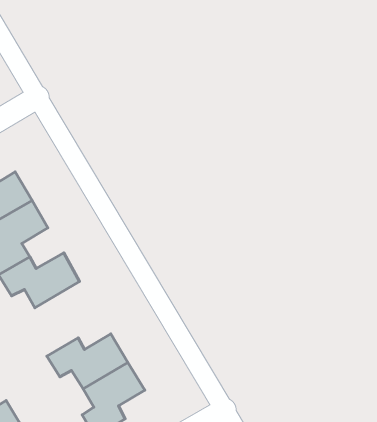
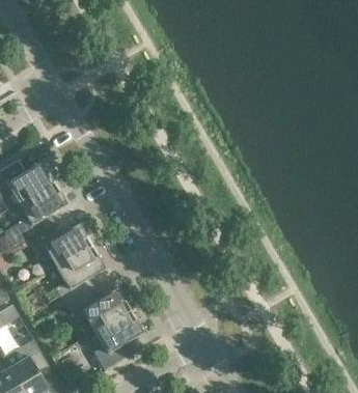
building: none -> [54,247,104,306]

